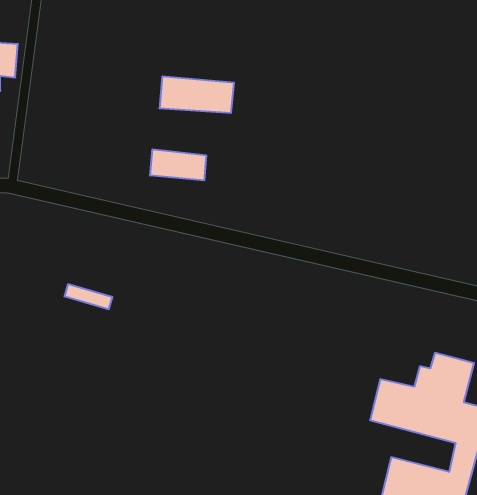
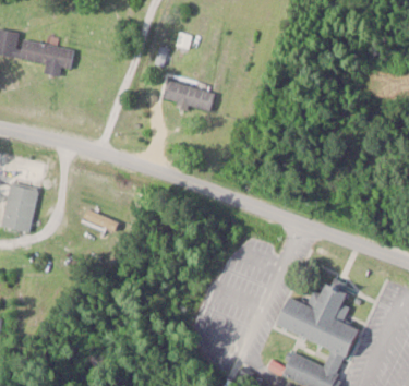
building: [150,149,206,180] -> none

